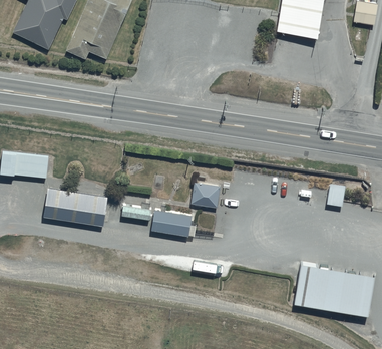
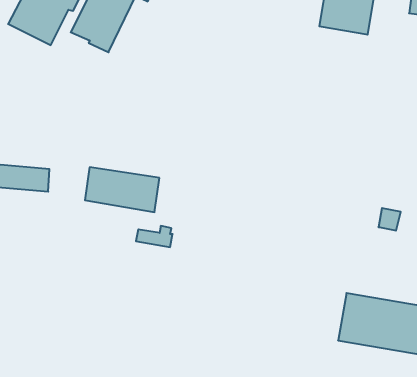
building: [190,184,221,210] -> none
building: [44,189,107,227] -> [85,167,159,212]
building: [151,205,192,238] -> none

